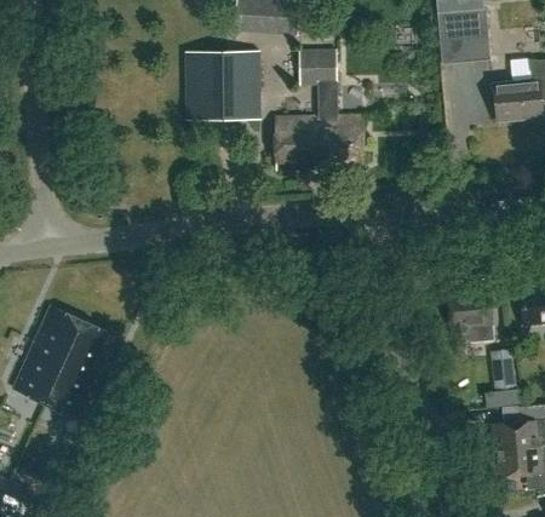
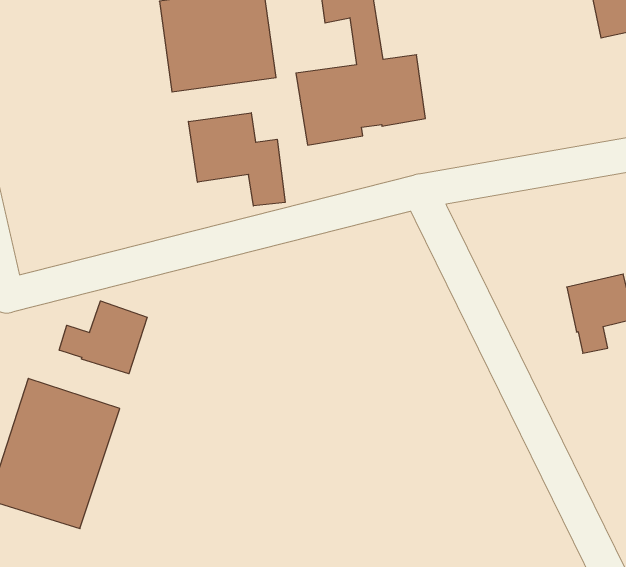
building: none -> [188,113,285,206]
building: none -> [59,301,147,374]

